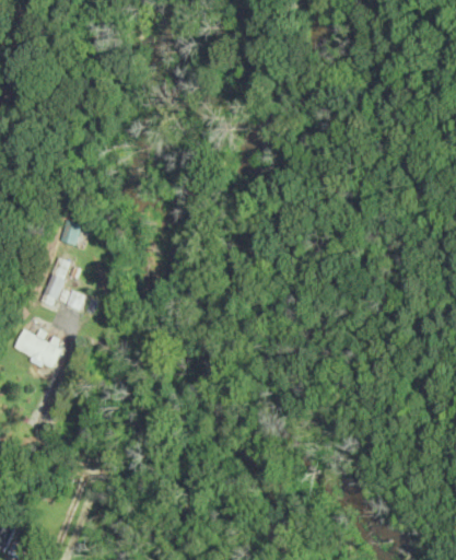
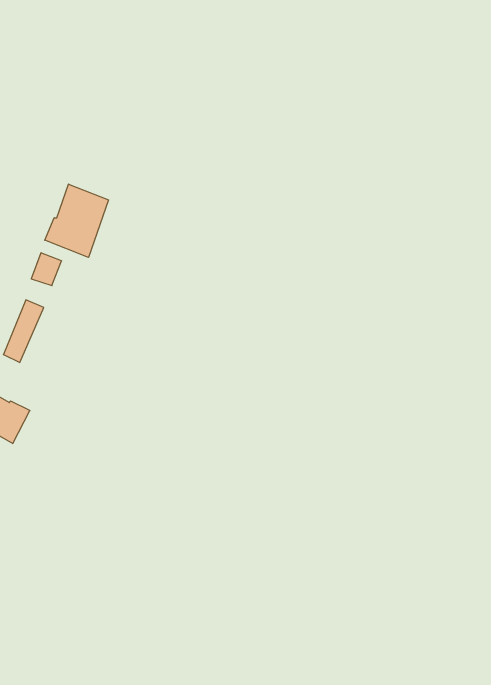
building: none -> [45,184,109,257]

